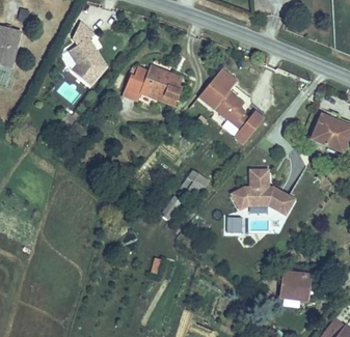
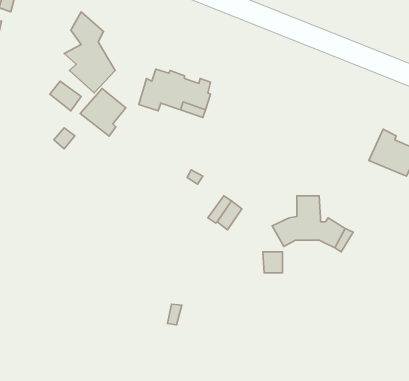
building: [200,67,266,143] -> none
building: none -> [80,89,126,136]
building: [279,276,308,303] -> none

